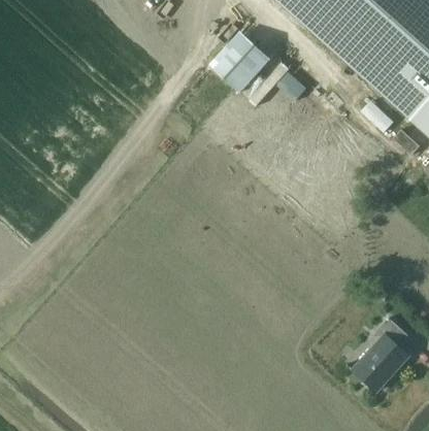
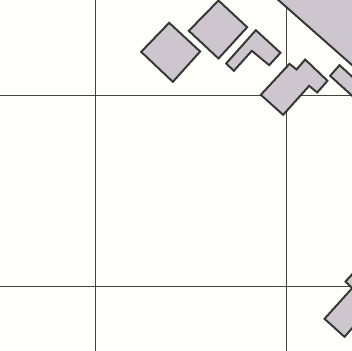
building: none -> [141,23,200,82]
building: none -> [261,60,328,115]

